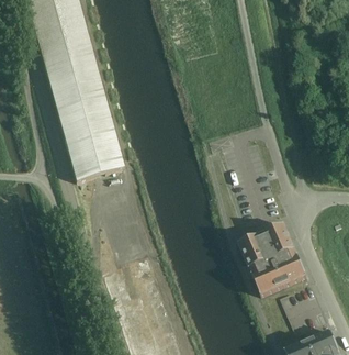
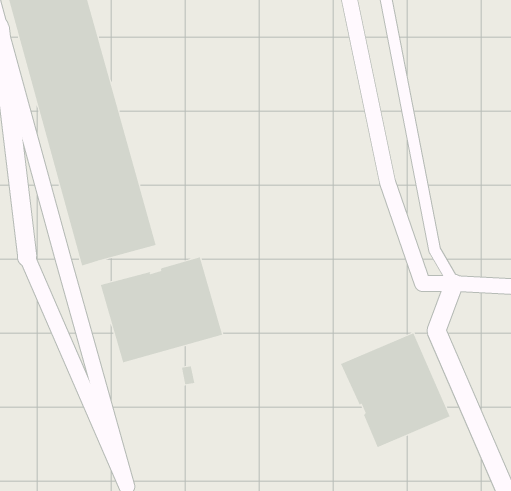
building: none -> [100,256,223,363]

